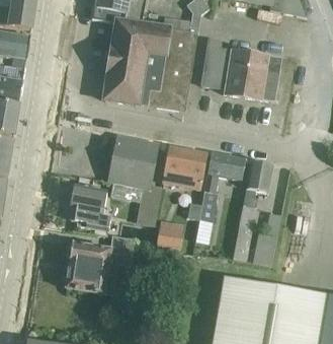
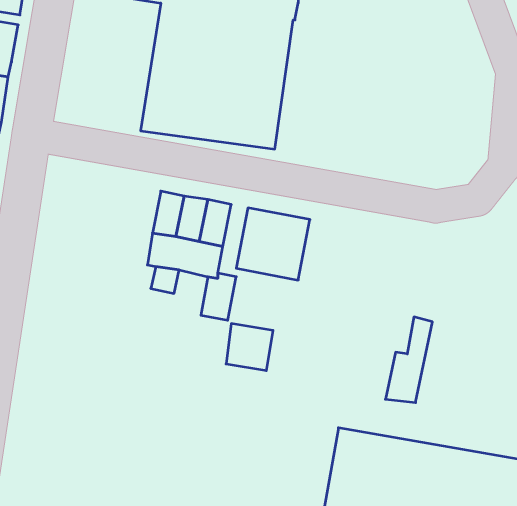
building: [201,40,281,101] -> none
building: [198,153,245,221] -> none
building: [232,161,271,261] -> none
building: [70,185,109,231] -> none
building: [66,235,134,294] -> none

